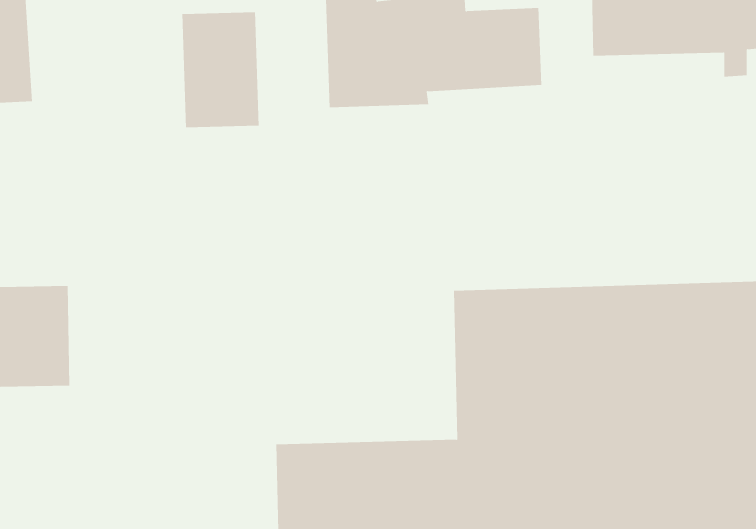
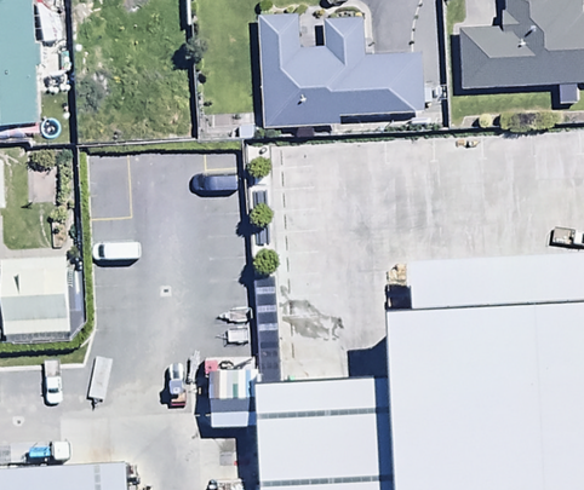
building: [182,11,259,128] -> none

